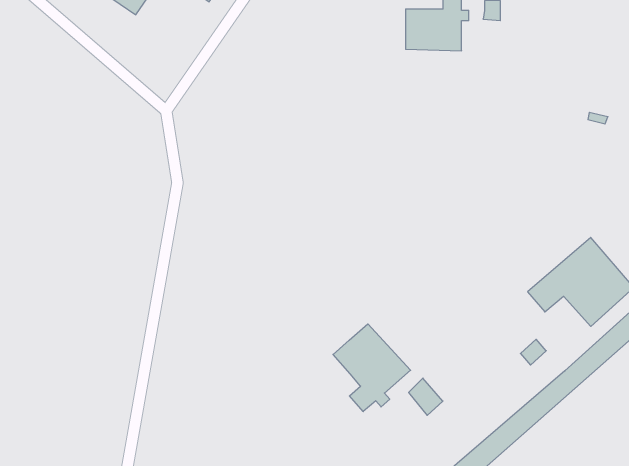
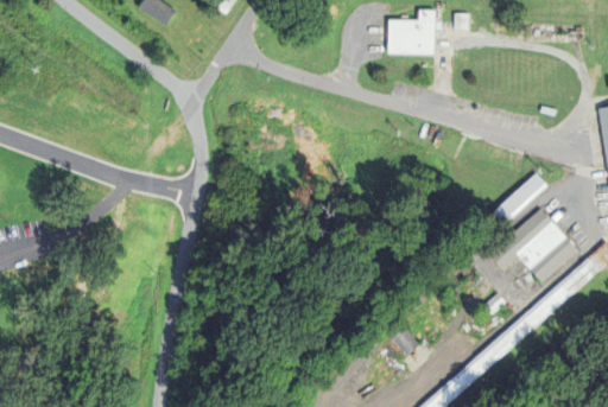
building: none -> [490,173,547,227]
building: [333,324,411,412] -> none

